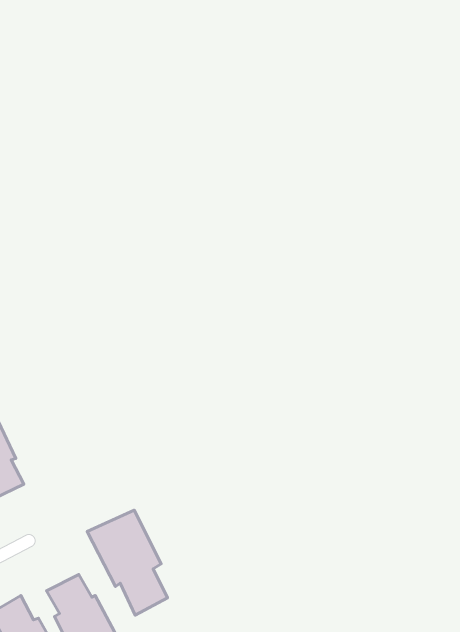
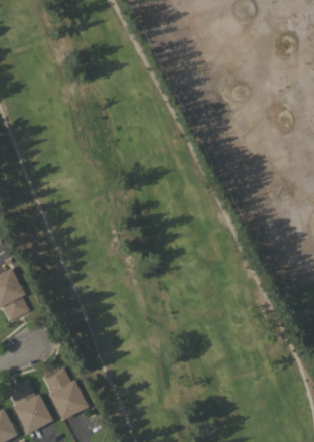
building: [87,510,168,615] -> none

